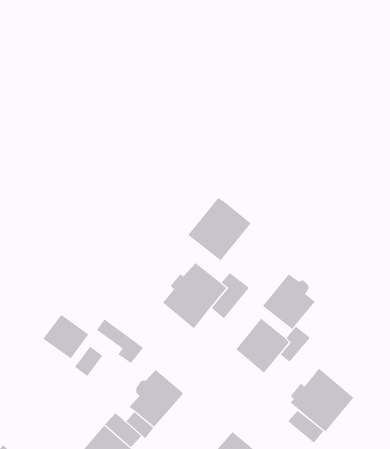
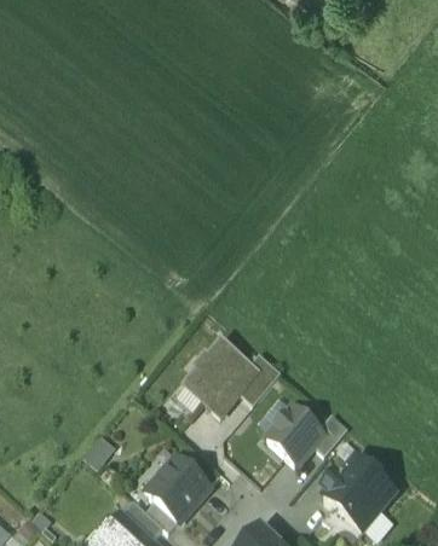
building: [187,197,251,261] -> none
building: [262,273,316,330] -> none
building: [43,314,89,359] -> none
building: [96,318,144,364] -> none

